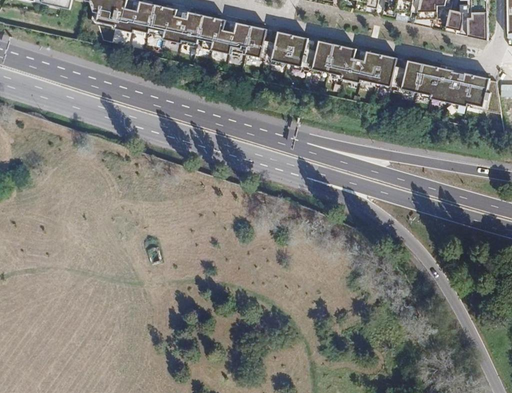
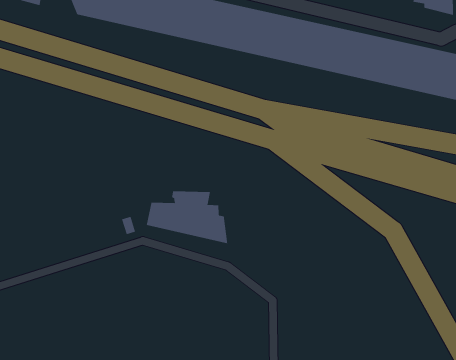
building: none -> [146,191,228,244]

